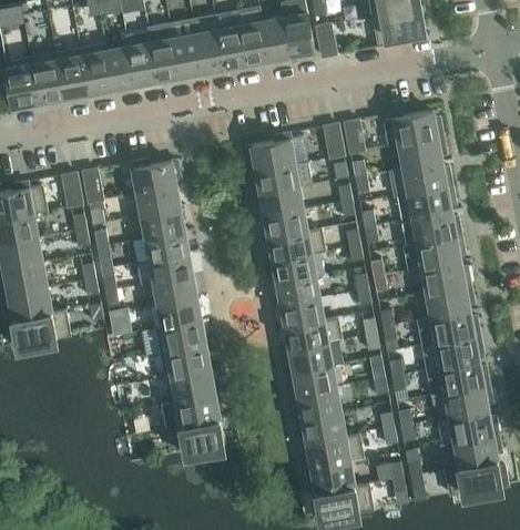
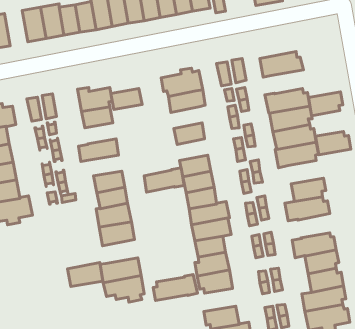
building: [31,55,63,104] -> none
building: [399,137,447,171] -> [308,92,343,116]
building: [261,188,304,218] -> none
building: [142,211,185,239] -> [111,89,142,109]
building: [269,230,325,263] -> [144,168,184,192]
building: [150,255,193,284] -> none
building: [422,263,471,295] -> [315,131,351,155]
building: [422,336,483,373] -> none
building: [166,371,215,405] -> [68,263,103,287]
building: [303,436,364,471] -> [153,275,197,300]

